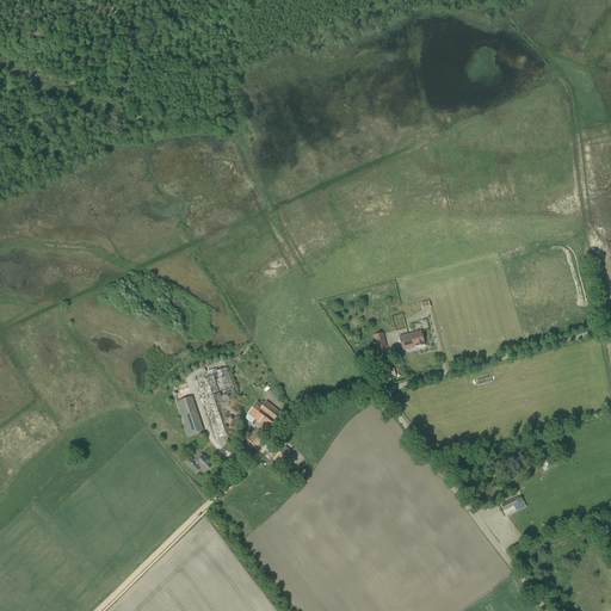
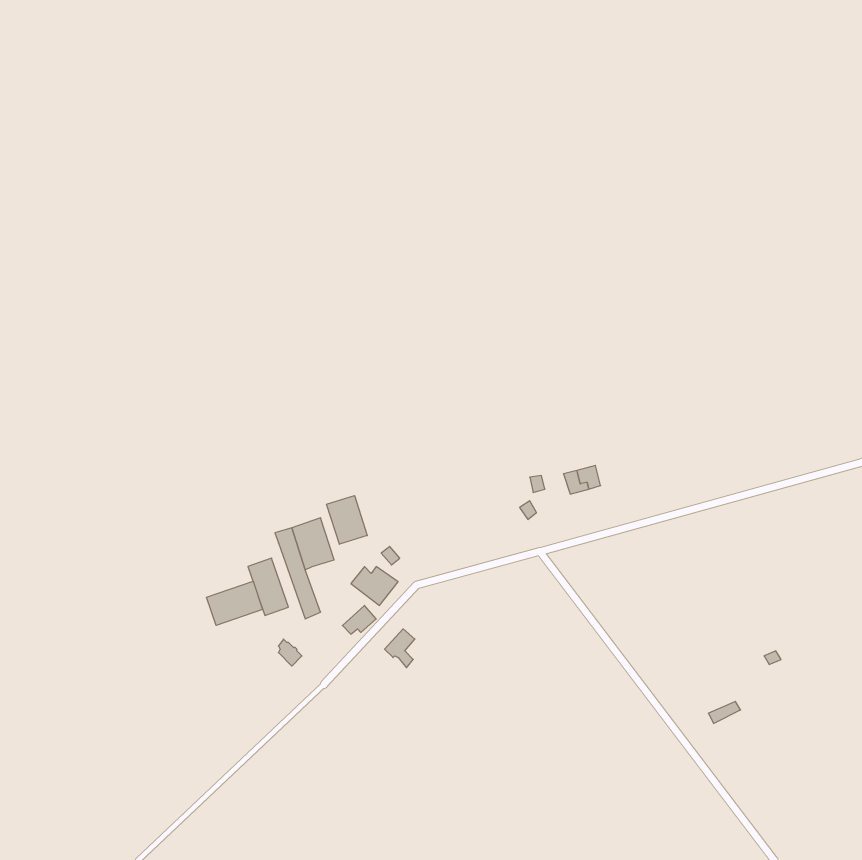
building: none -> [327,496,367,544]
building: none -> [207,581,262,625]

